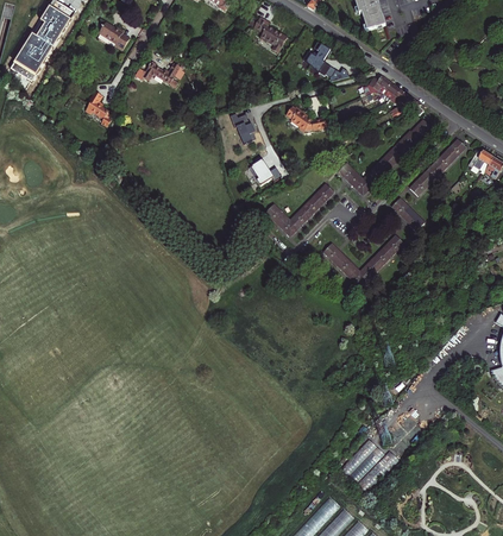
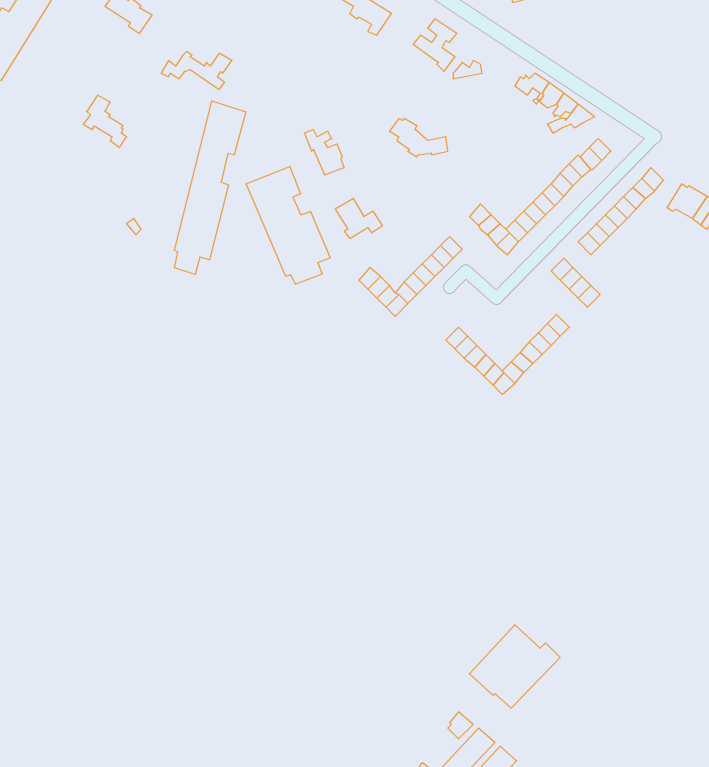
building: none -> [174,101,246,275]
building: none -> [246,167,330,284]

